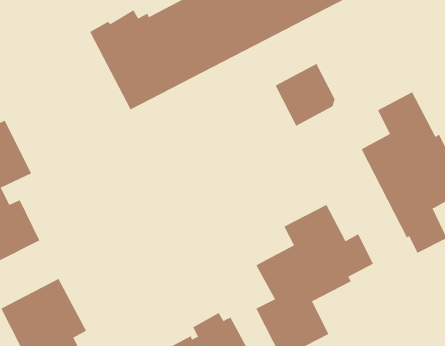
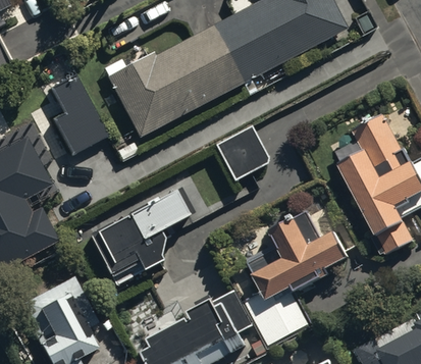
building: none -> [51,73,109,154]
building: [275,63,336,126] -> [215,125,268,180]
building: none -> [90,193,191,279]

